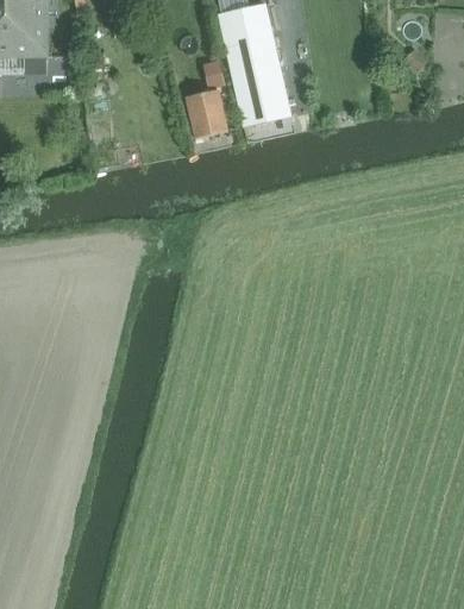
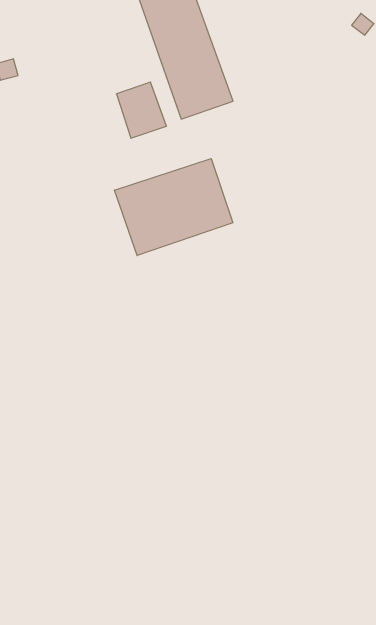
building: none -> [114,159,233,256]

